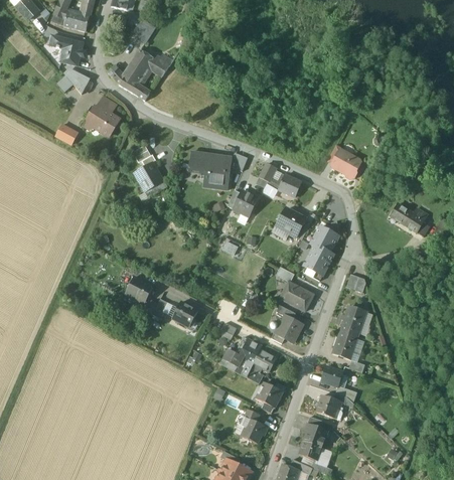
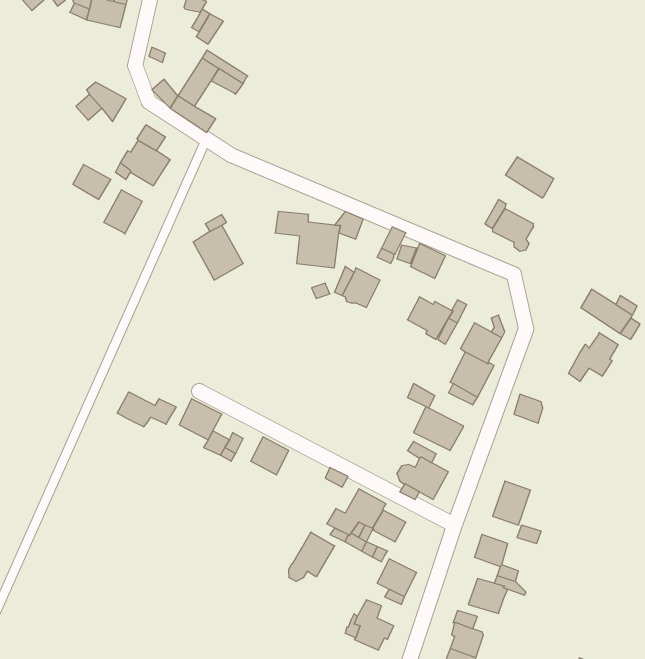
building: [49,35,84,65] -> none
building: none -> [505,157,554,198]
building: none -> [104,190,142,234]
building: none -> [568,332,618,381]
building: none -> [117,392,176,427]
building: [340,307,365,337] -> none
building: none -> [289,532,335,581]

